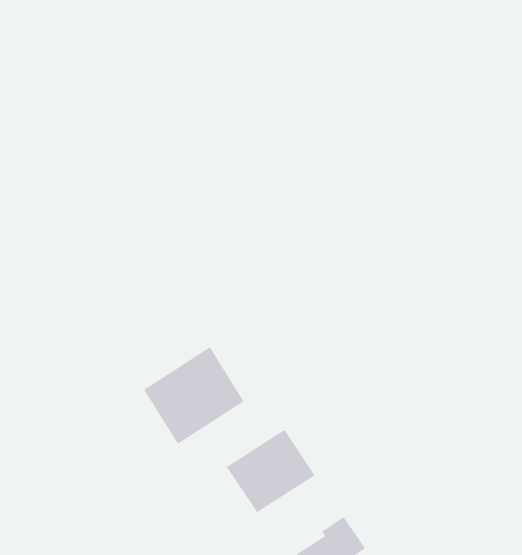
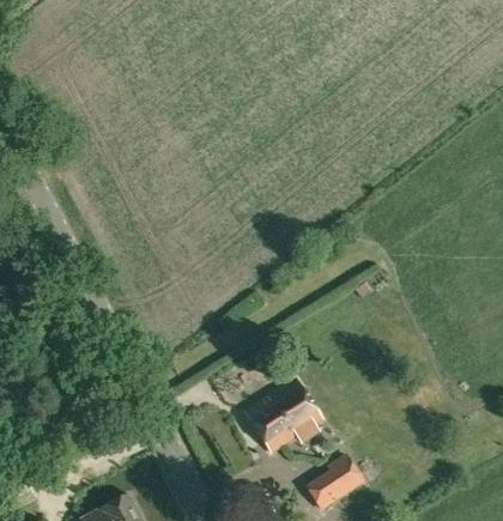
building: [143,346,244,445] -> none

